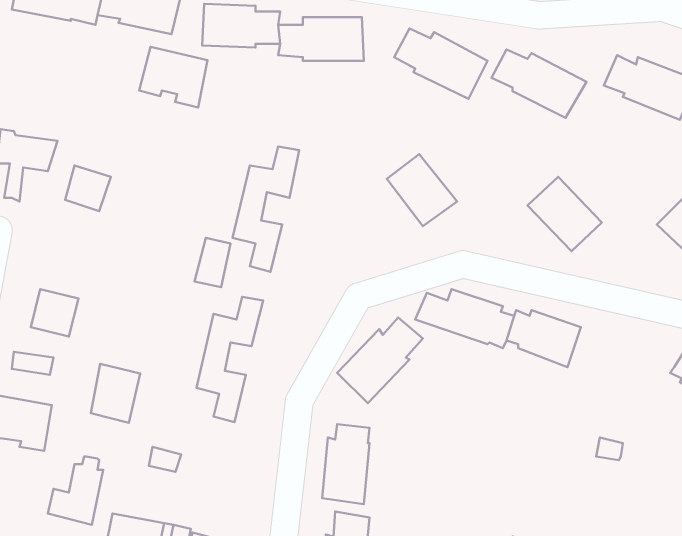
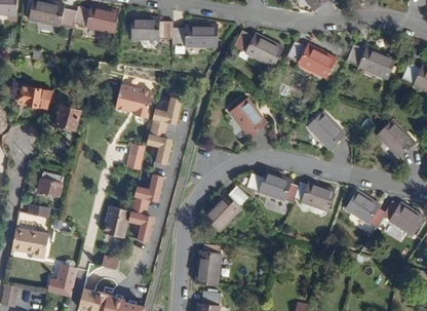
building: [139,47,208,108] -> [115,84,152,117]
building: none -> [344,190,385,227]
building: [91,364,140,423] -> [104,205,130,237]

